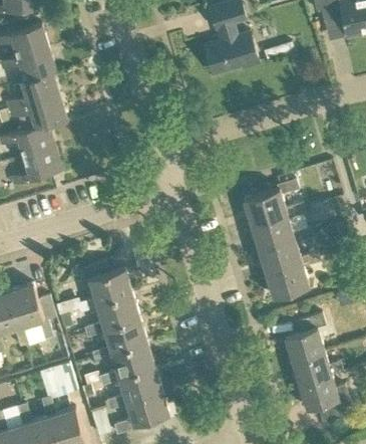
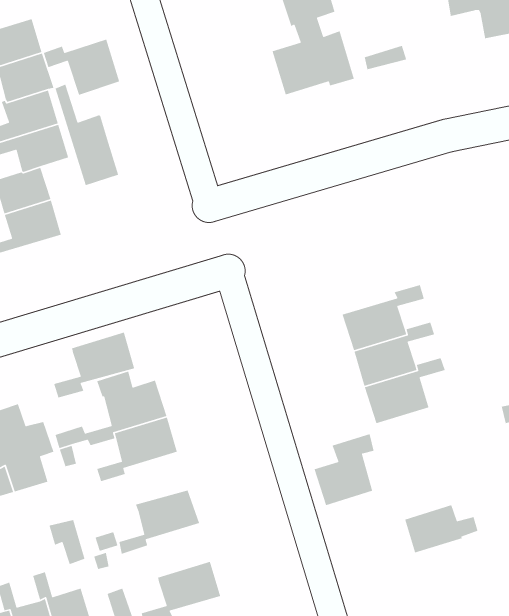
building: none -> [43,38,120,96]
building: none -> [54,84,119,186]
building: [243,179,299,223] -> none
building: [284,312,325,362] -> [314,433,375,506]
building: [91,316,146,362] -> [53,332,135,399]
building: [106,365,161,410] -> none
building: [299,375,352,422] -> none

